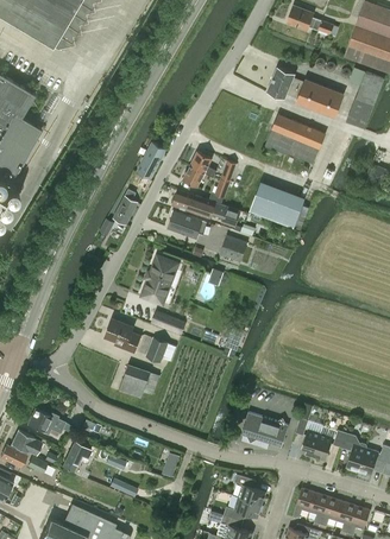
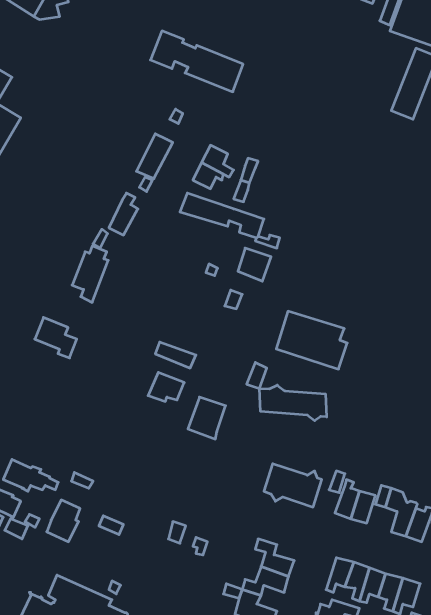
building: [268,68,344,118] -> [150,31,243,92]
building: [265,114,326,164] -> none
building: [250,180,308,228] -> [276,311,347,369]
building: [168,210,208,236] -> none
building: [145,258,175,304] -> [72,246,108,302]
building: [106,318,140,351] -> [35,317,77,358]
building: none -> [260,385,327,421]
building: [119,364,150,399] -> [188,397,226,439]

